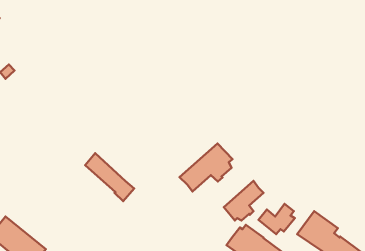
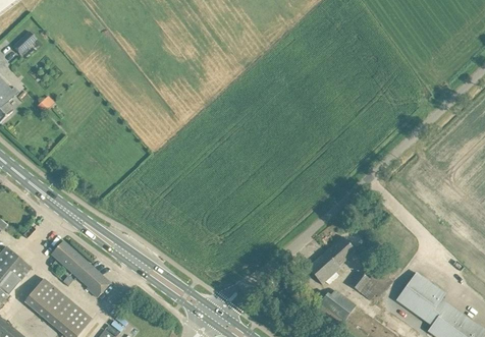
building: [180,144,233,192] -> none
building: [85,153,134,201] -> [50,240,109,298]

